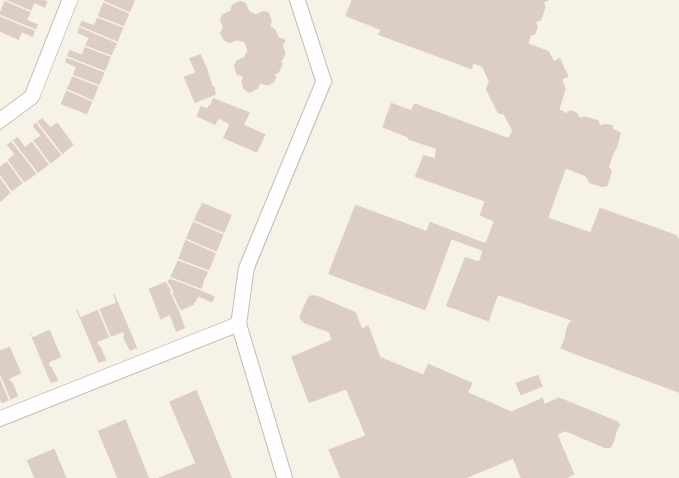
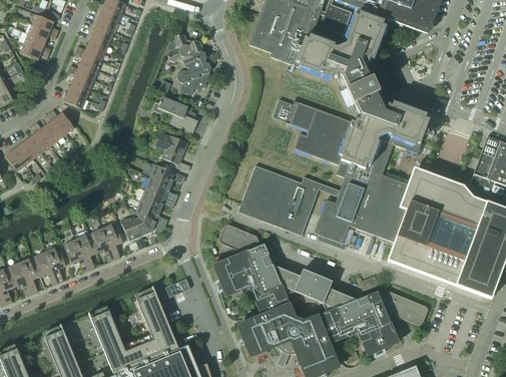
building: [182,53,217,104] -> none
building: none -> [155,132,188,167]
building: none -> [100,223,123,260]
building: none -> [63,234,89,273]
building: none -> [32,247,58,286]

